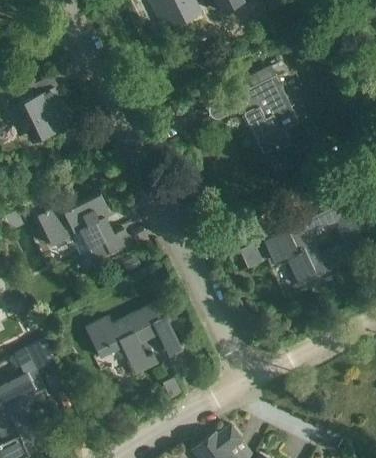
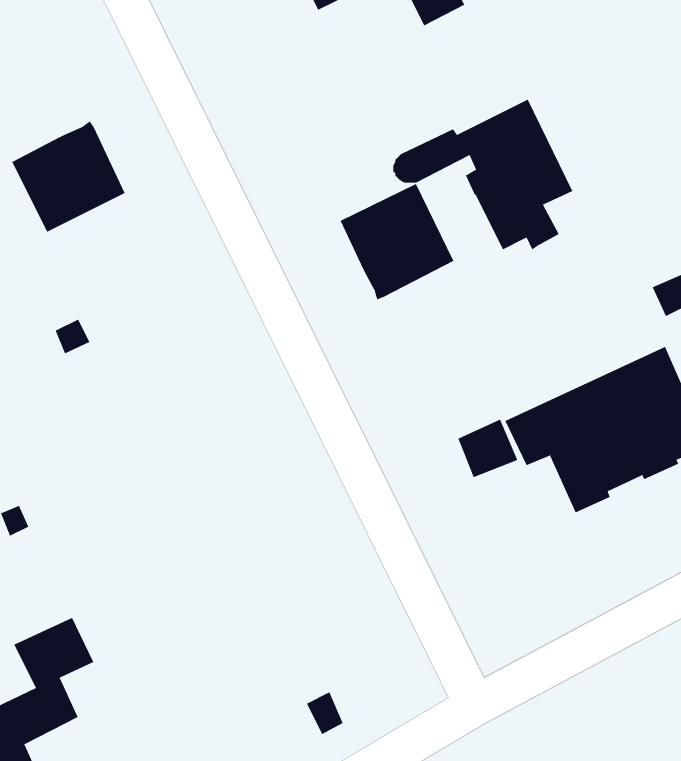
building: none -> [340,183,454,300]
building: [37,193,129,273] -> none
building: [85,301,182,374] -> none

